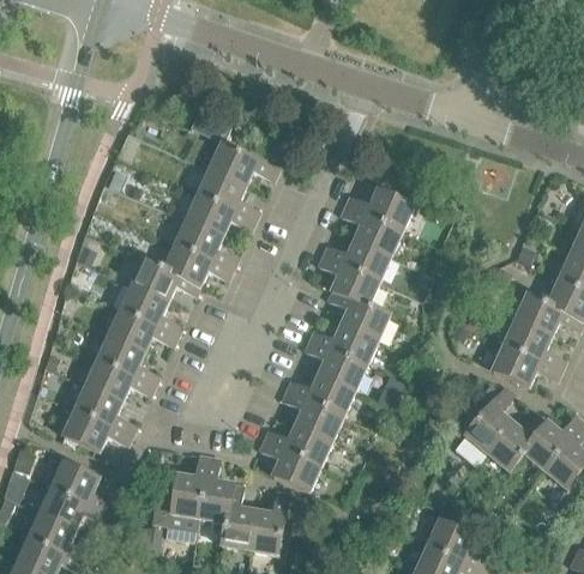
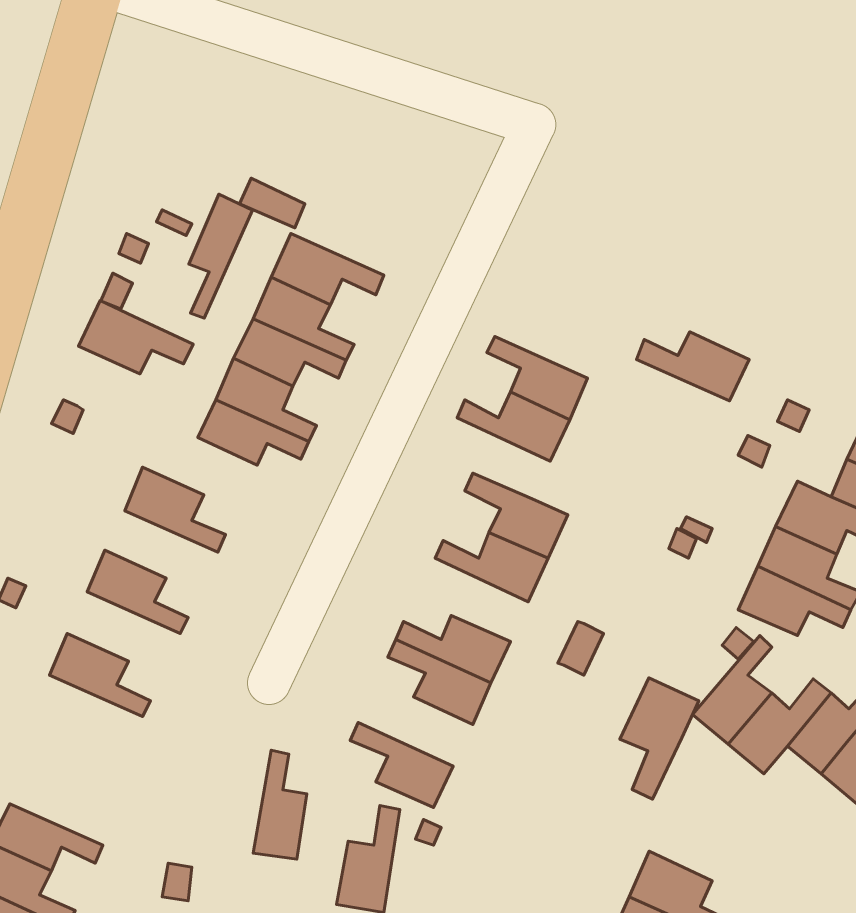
building: none -> [189,194,252,318]
building: [344,189,413,231] -> [636,332,749,401]
building: [317,255,378,304] -> none
building: [131,258,200,302] -> [79,301,193,374]
building: [108,312,176,352] -> none
building: [303,340,365,391] -> none
building: [85,361,153,403] -> none
building: [62,411,131,453] -> none
building: none -> [620,678,699,799]
building: [261,424,331,466] -> none
building: [151,454,209,531] -> none
building: [50,461,112,514] -> none
building: [219,483,255,550] -> none

